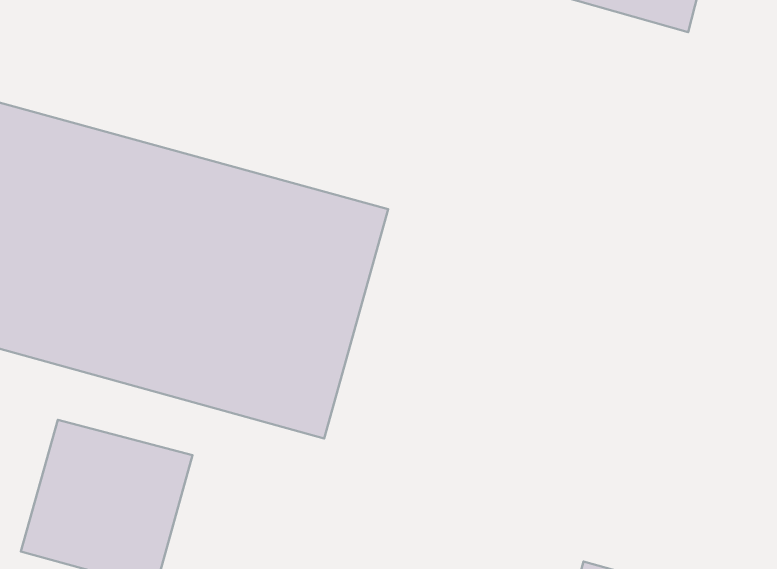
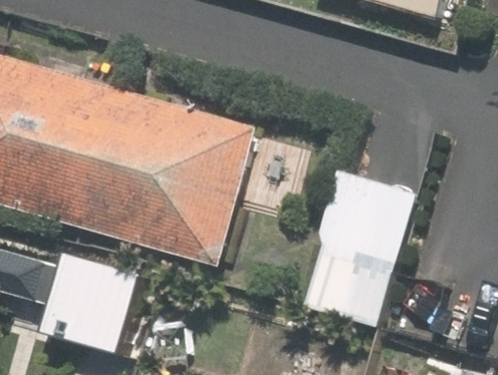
building: none -> [299,171,412,324]

